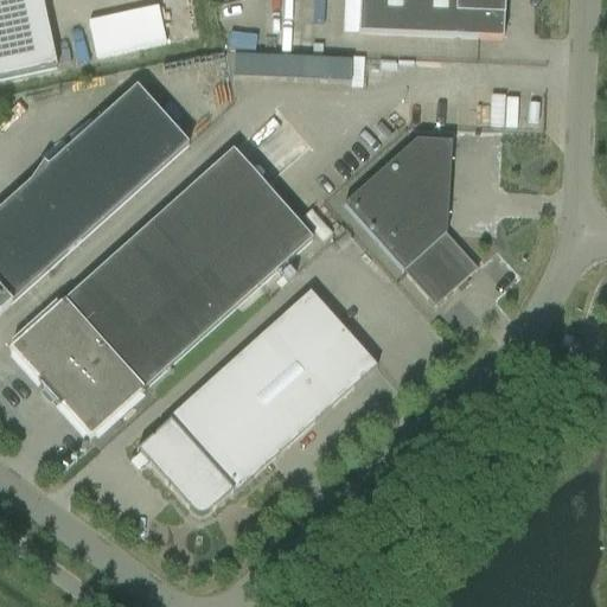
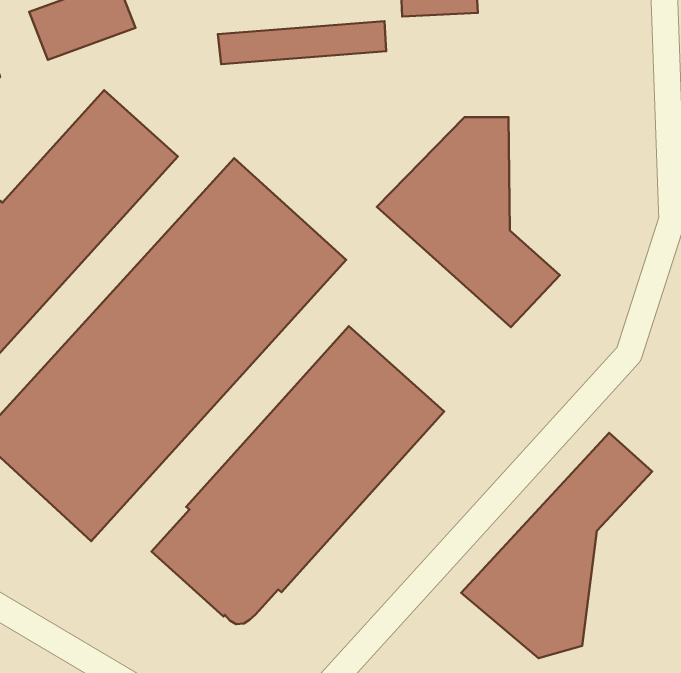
building: none -> [461,433,652,658]

